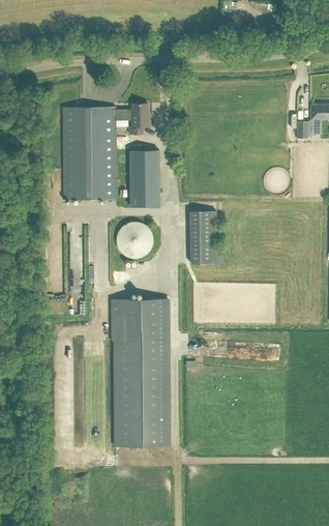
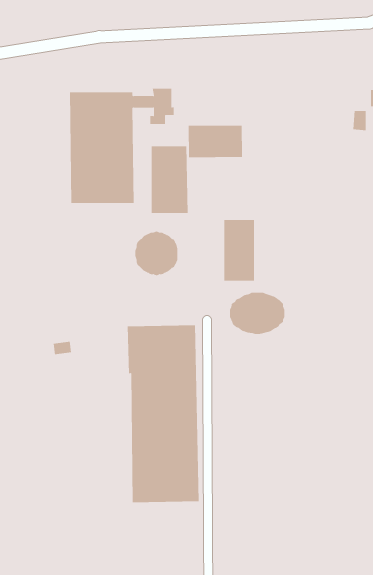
building: none -> [188,125,242,158]
building: none -> [229,292,285,335]

